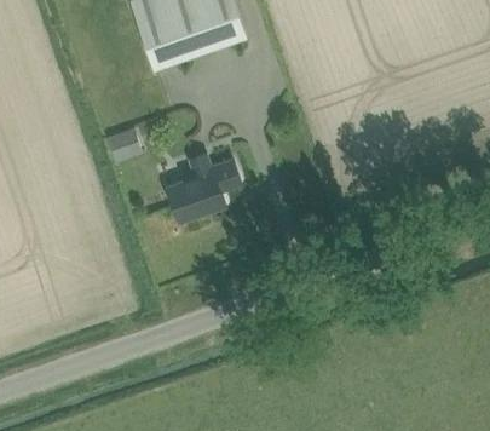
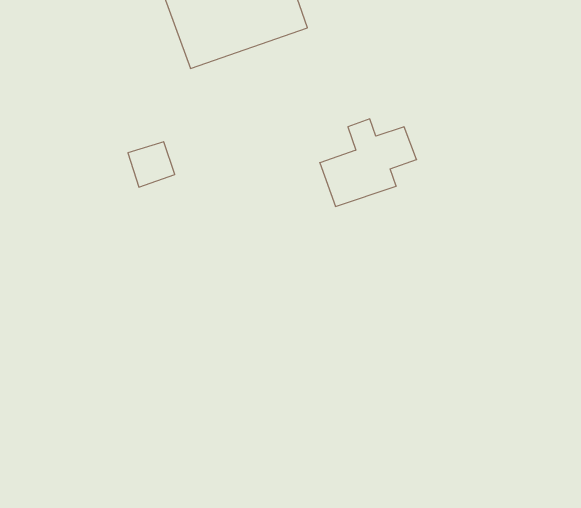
building: [166,156,241,224] -> [320,119,417,206]

